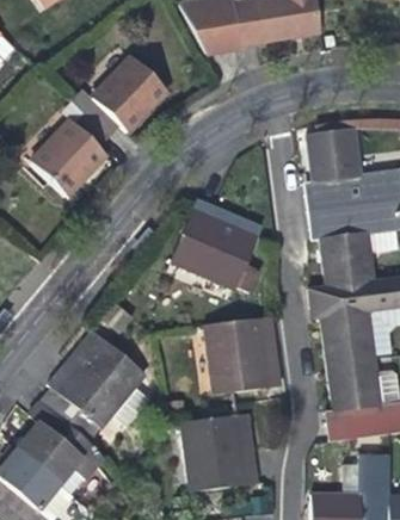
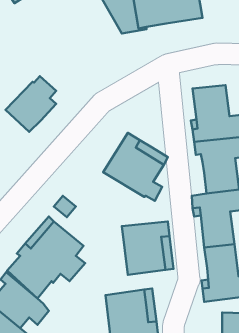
building: [72,54,167,134] -> none

